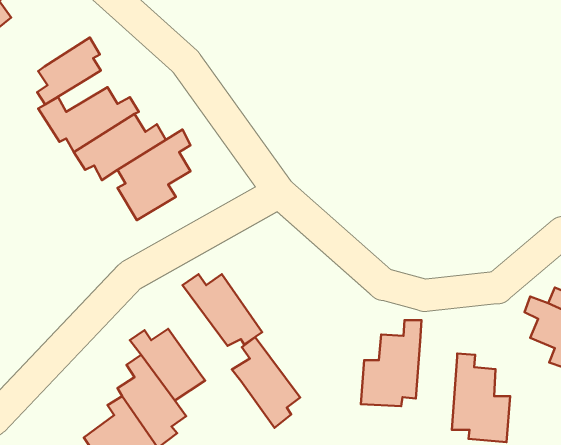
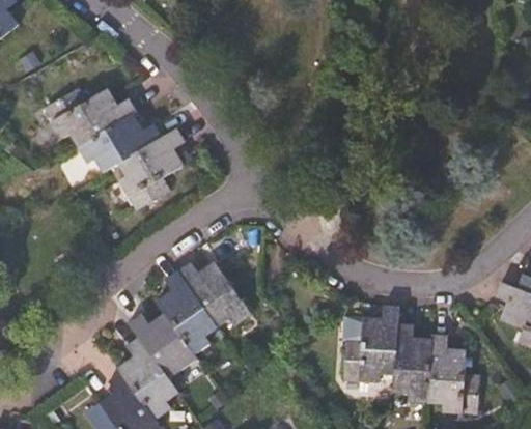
building: [37,38,101,104] -> none
building: [232,337,300,428] -> [155,270,218,354]
building: none -> [390,322,430,404]

